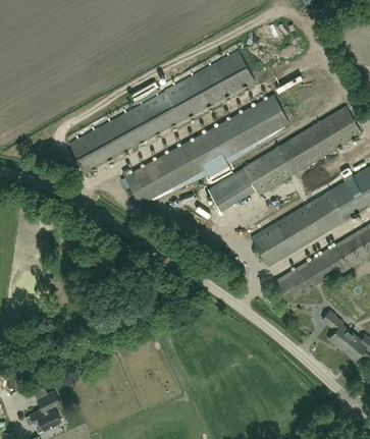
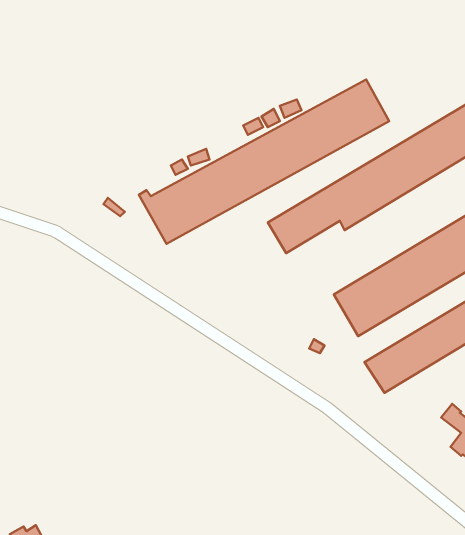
building: [69,50,254,172] -> none

